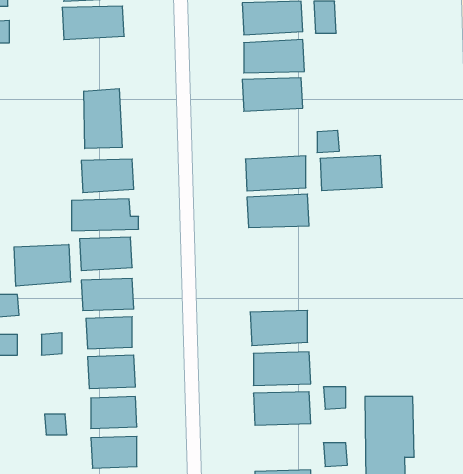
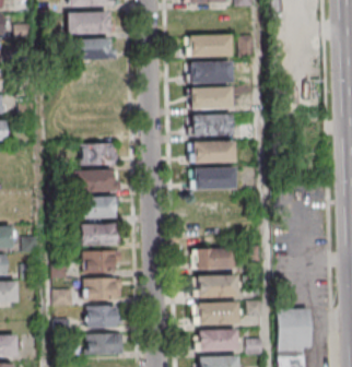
building: [84,89,122,149] -> none
building: [320,155,382,191] -> [191,114,234,138]
building: [14,244,71,286] -> none
building: none -> [199,329,238,353]

